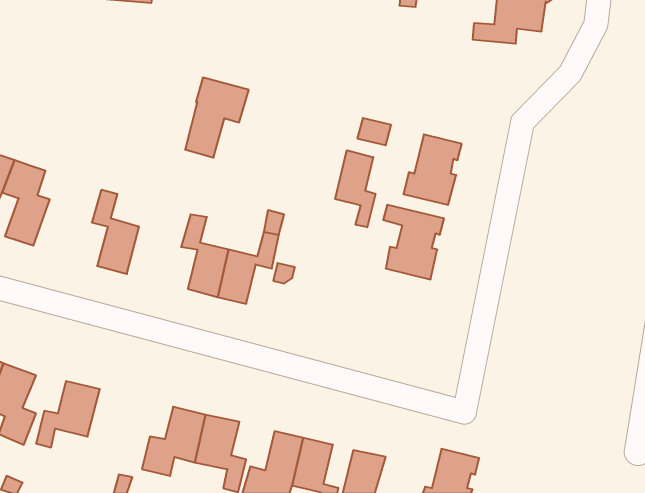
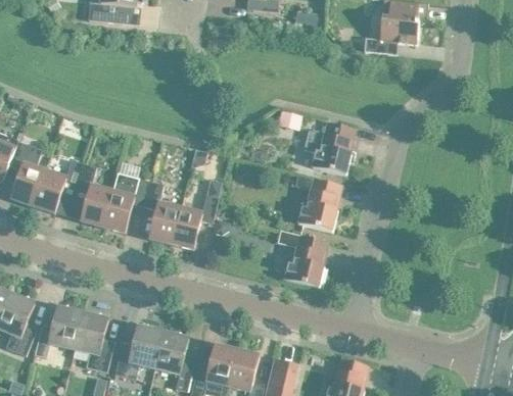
building: [185,78,249,158] -> [102,172,150,233]
building: [335,150,375,227] -> none
building: none -> [32,159,83,212]
building: none -> [278,230,327,287]
building: none -> [73,313,111,372]

